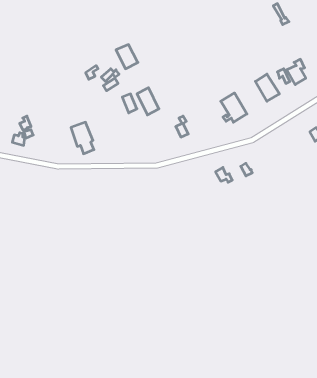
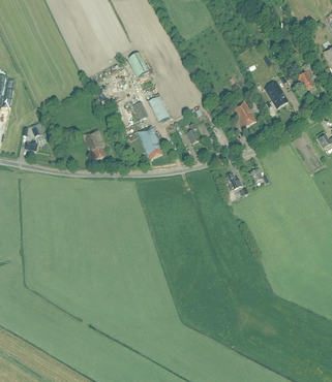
building: none -> [137,125,162,159]

